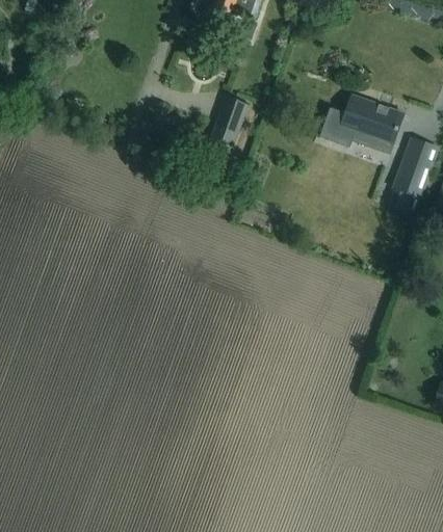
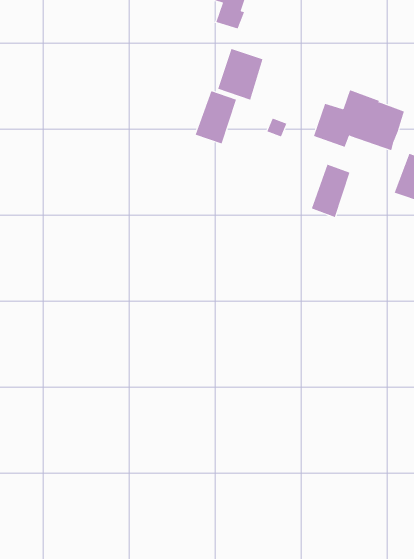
building: none -> [218,48,263,100]
building: none -> [311,164,350,218]

